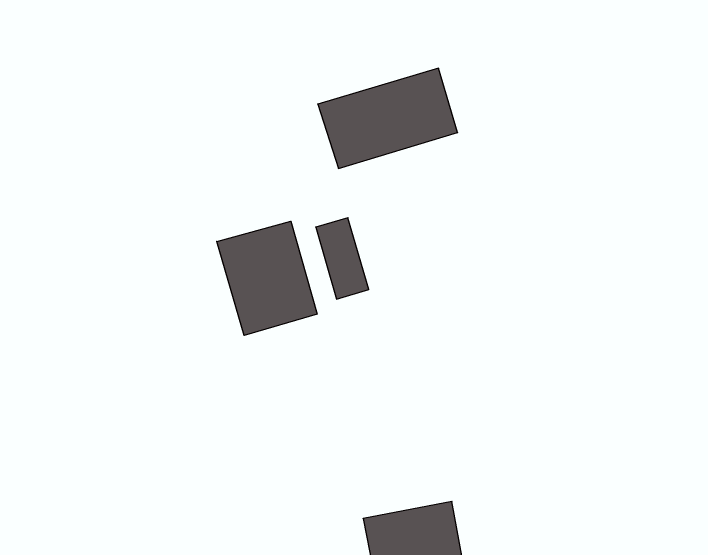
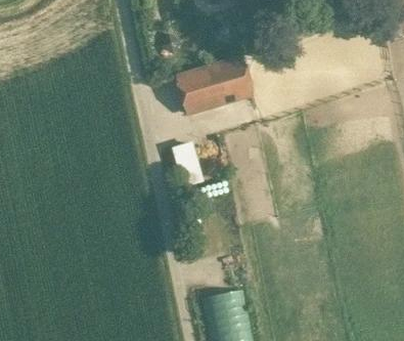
building: [217,221,317,335] -> none

